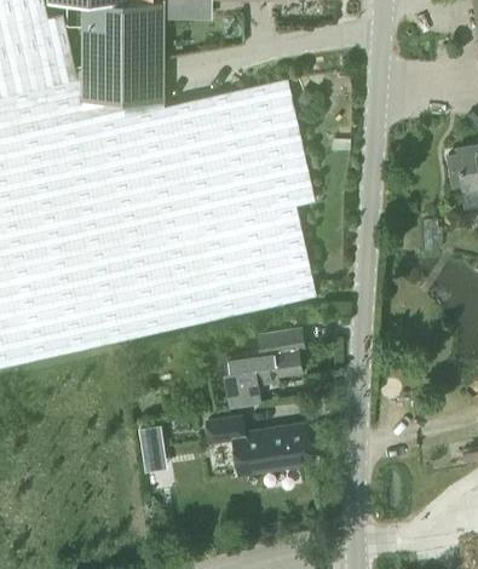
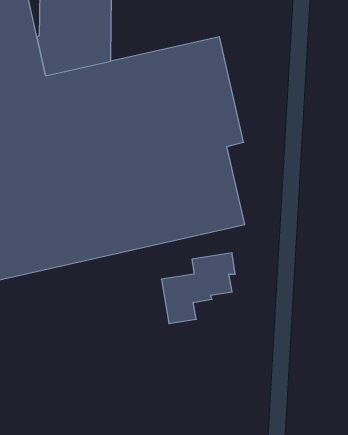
building: [203,414,311,475] -> none
building: [138,425,167,473] -> none

